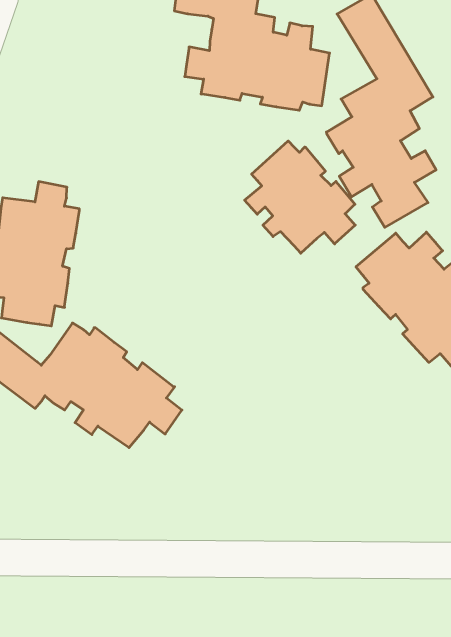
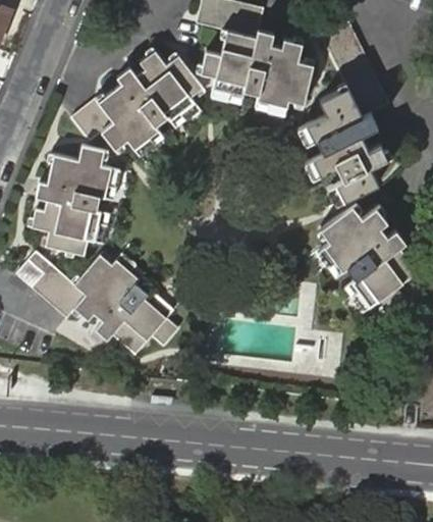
building: none -> [71,51,203,150]
building: [245,141,355,253] -> none

